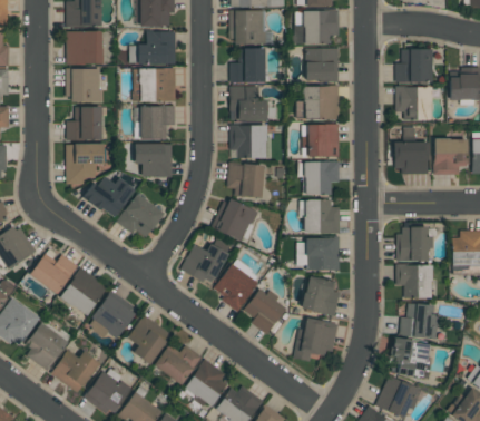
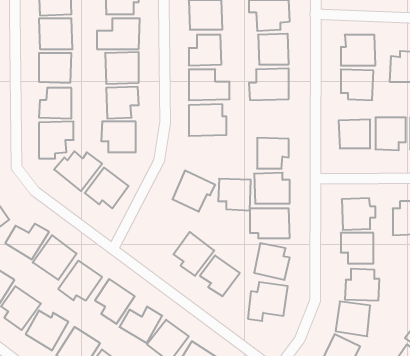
building: [304,124,341,157] -> none
building: [228,164,264,198] -> [218,179,251,210]
building: [182,245,228,285] -> none

